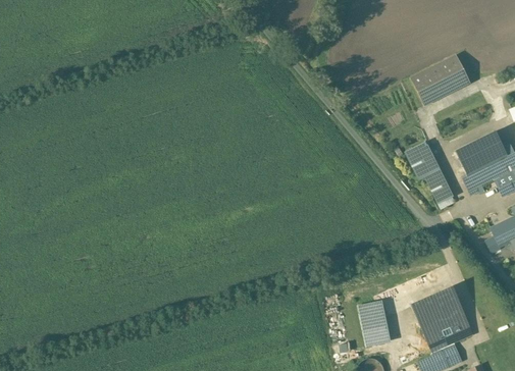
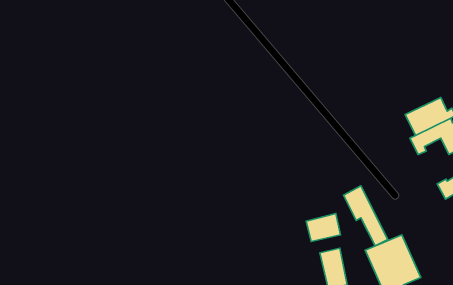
building: [411,54,470,104] -> none
building: [406,141,456,208] -> [343,186,388,246]
building: none -> [306,213,341,241]

